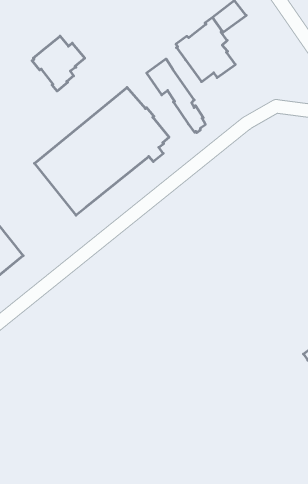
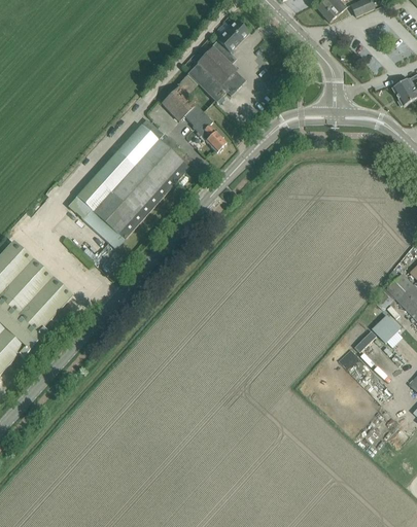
building: [32,36,85,91] -> none

